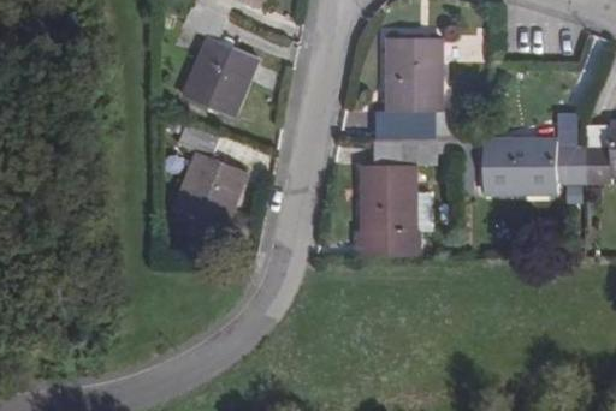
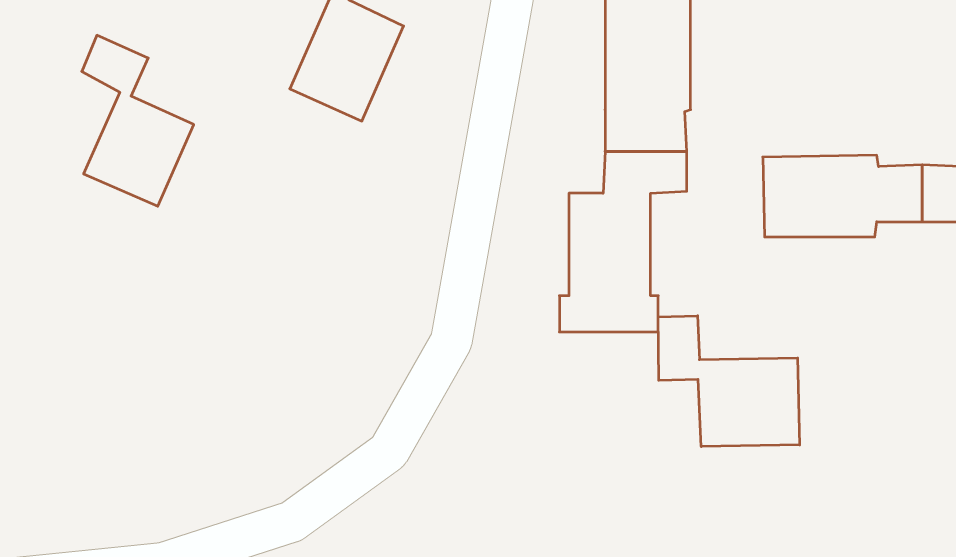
building: [174,117,245,225] -> [82,35,194,206]
building: none -> [658,316,800,447]

